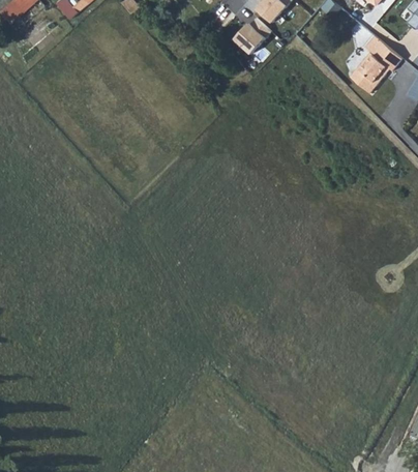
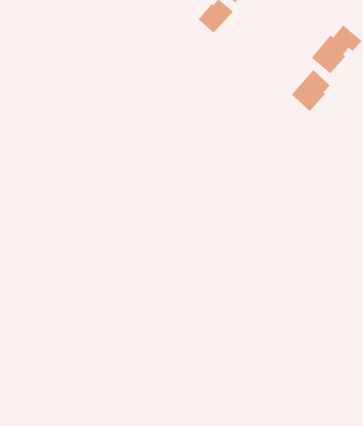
building: none -> [291,69,331,112]

